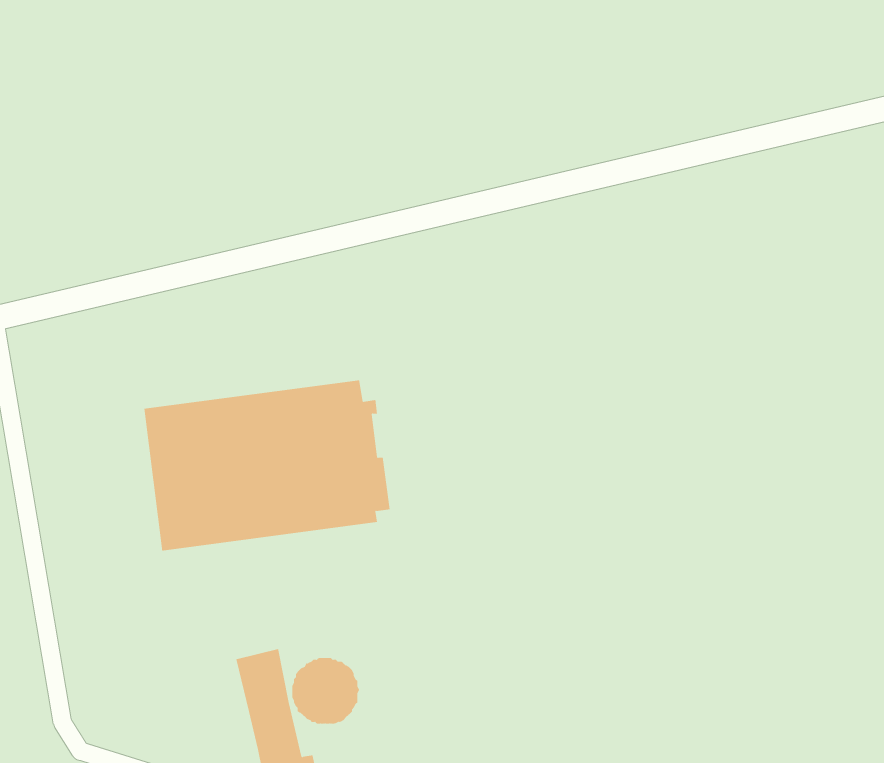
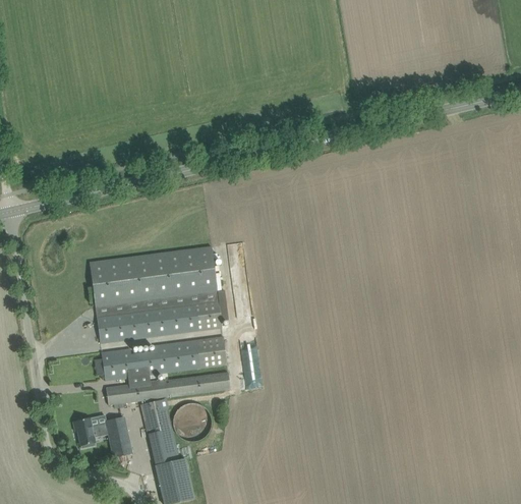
building: none -> [101,335,229,403]
building: none -> [72,415,131,455]

